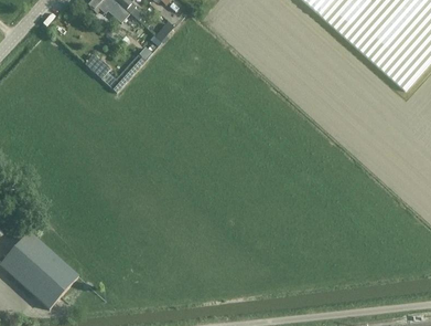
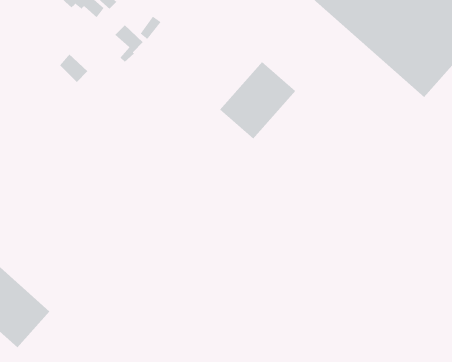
building: none -> [219,61,296,140]

